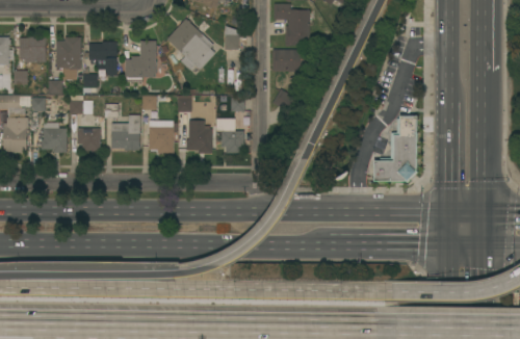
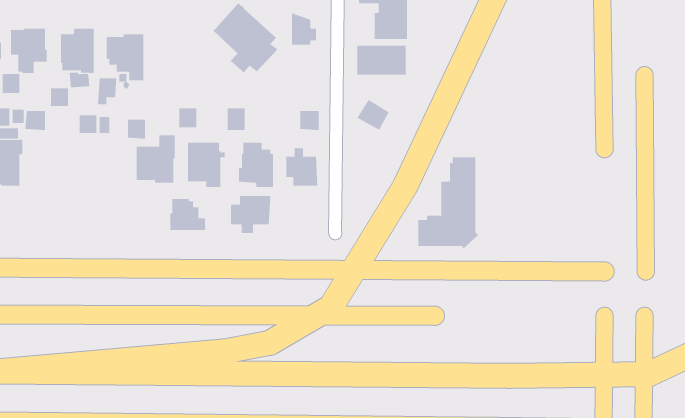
building: [125,41,156,82] -> none
building: [374,115,419,183] -> [418,157,479,249]
building: [42,124,68,153] -> none
building: [77,128,101,151] -> none
building: none -> [231,195,271,234]
building: none -> [170,198,205,231]

